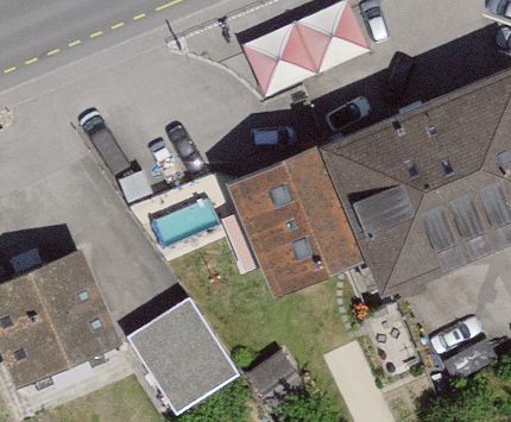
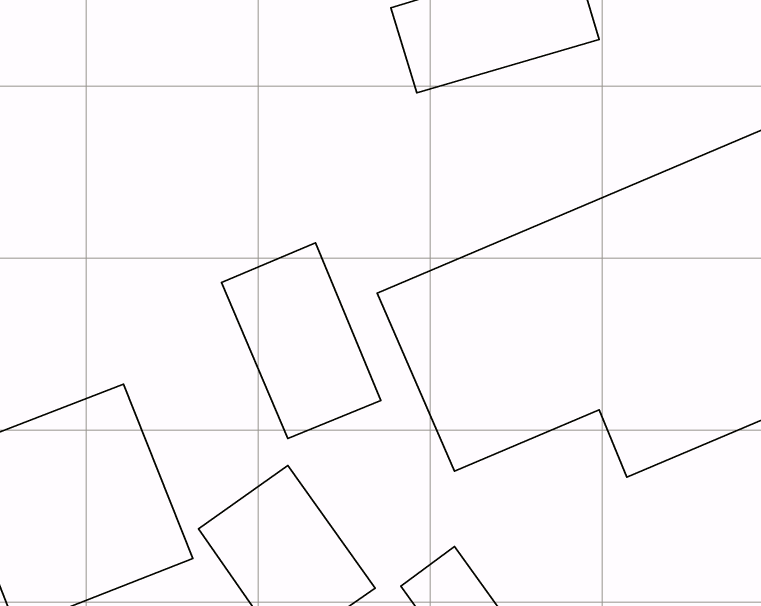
building: none -> [221,243,381,438]

